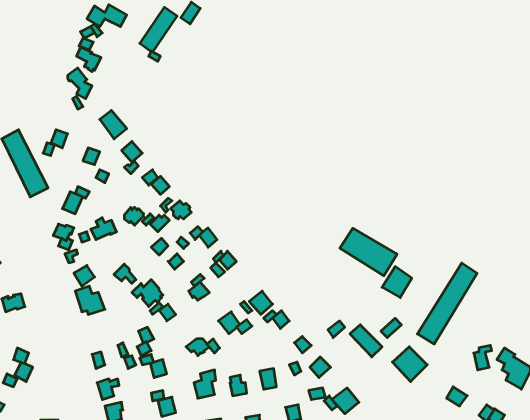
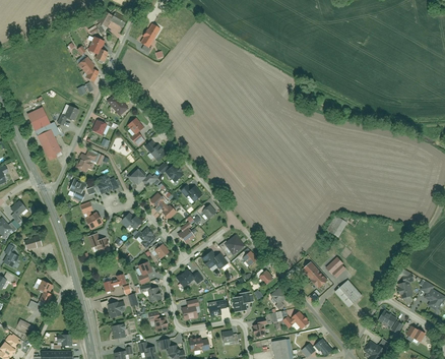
building: [340,228,397,276] -> none
building: [417,263,477,344] -> none

